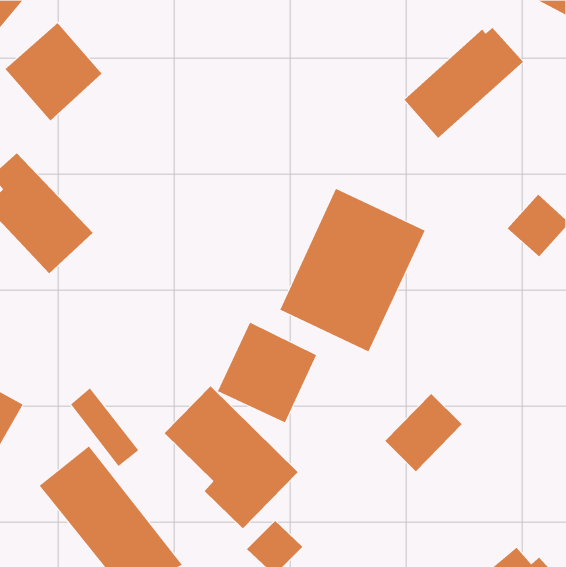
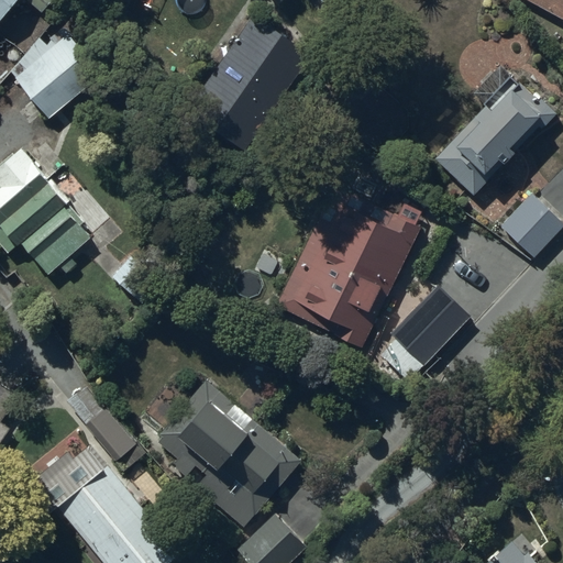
building: none -> [191,20,317,156]
building: [403,27,524,139] -> [434,85,553,195]
building: [217,322,317,423] -> none
building: [384,393,462,472] -> [391,288,468,366]

